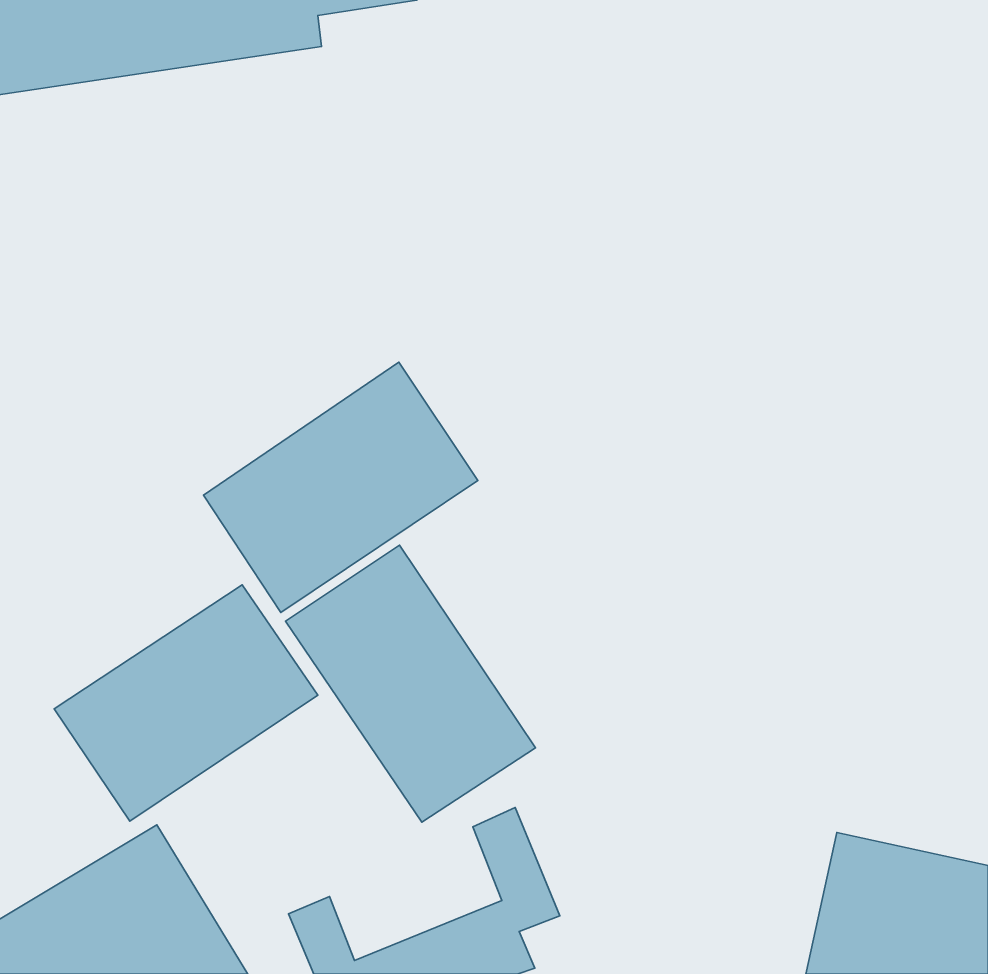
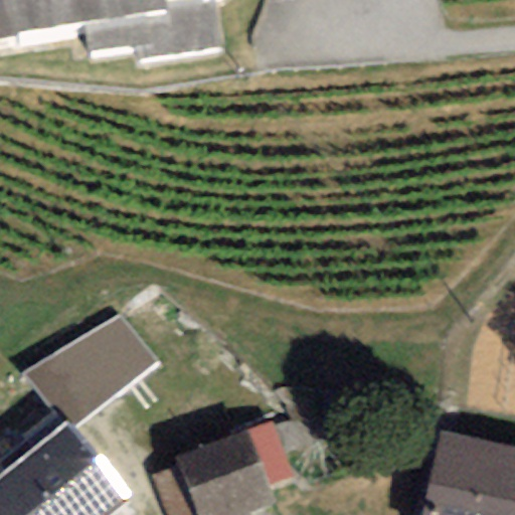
building: [203,362,478,613] -> none
building: [285,545,535,822] -> none

